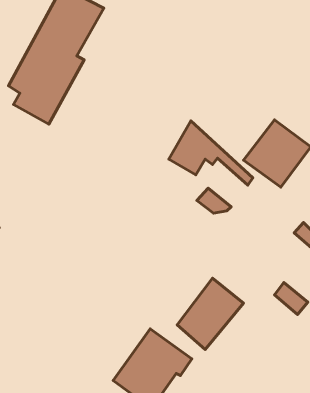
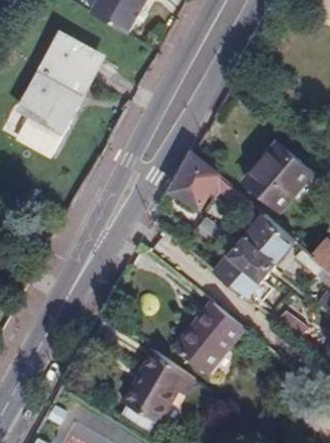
building: none -> [214,216,291,299]

